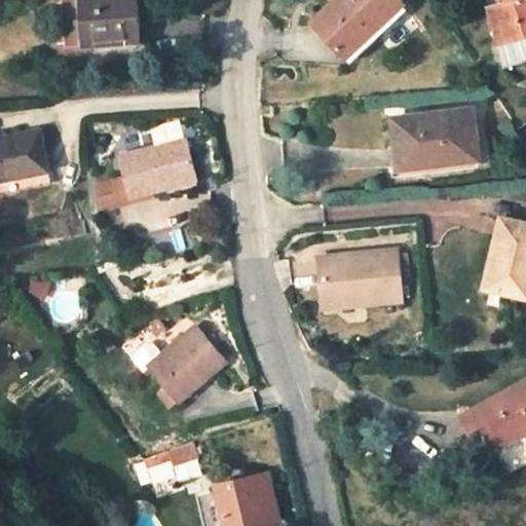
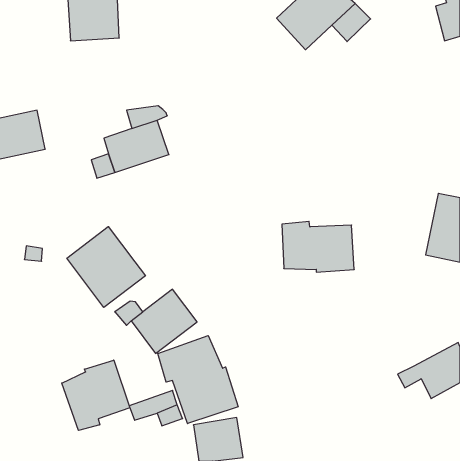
building: [390,110,472,165] -> none
building: none -> [67,227,145,307]
building: none -> [158,336,238,424]
building: none -> [62,360,130,430]

